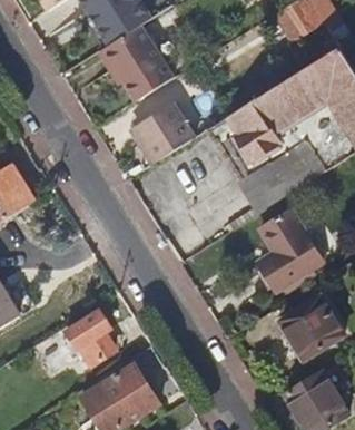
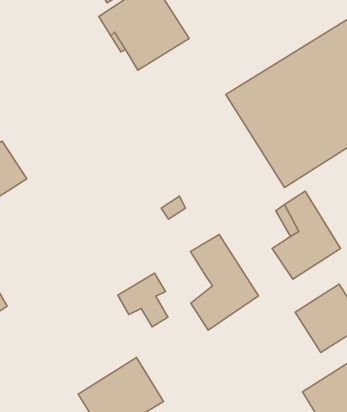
building: [147,91,214,155] -> none
building: none -> [190,235,258,330]
building: [66,311,111,360] -> [118,273,168,327]

